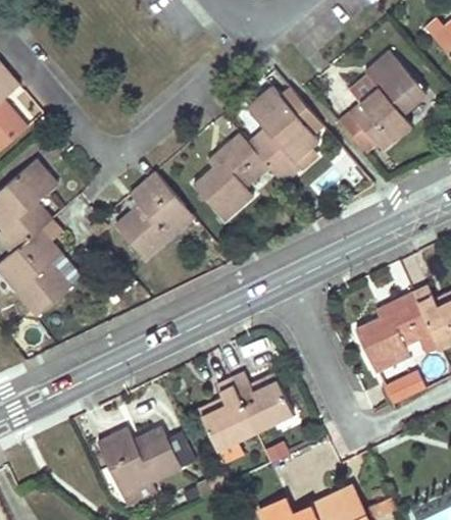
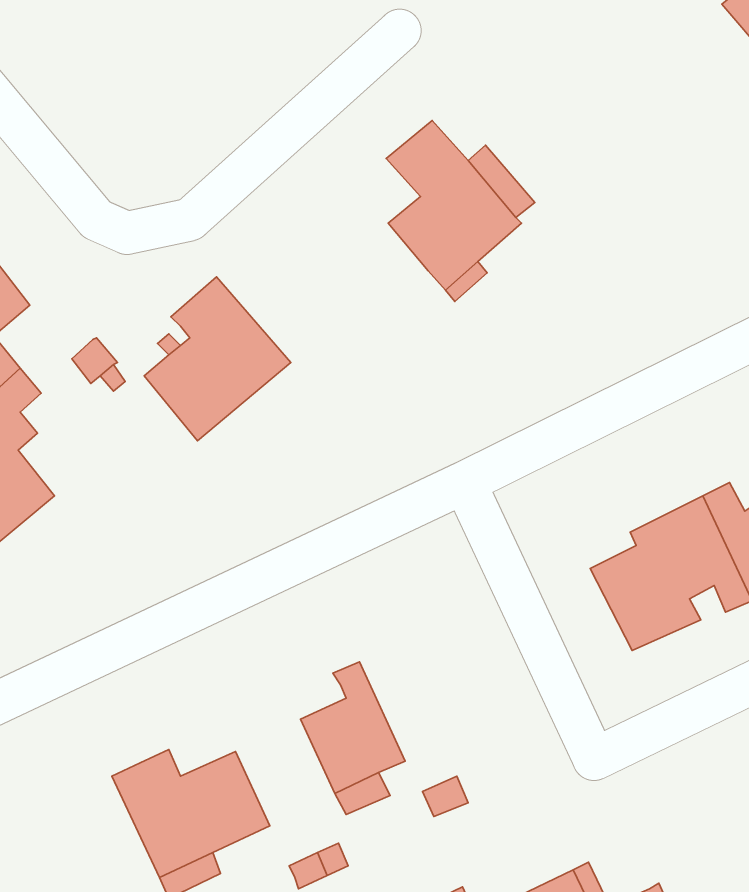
building: [339,51,427,152] -> none
building: [193,135,268,221] -> none
building: [384,368,428,403] -> none
building: [232,370,296,430] -> none

